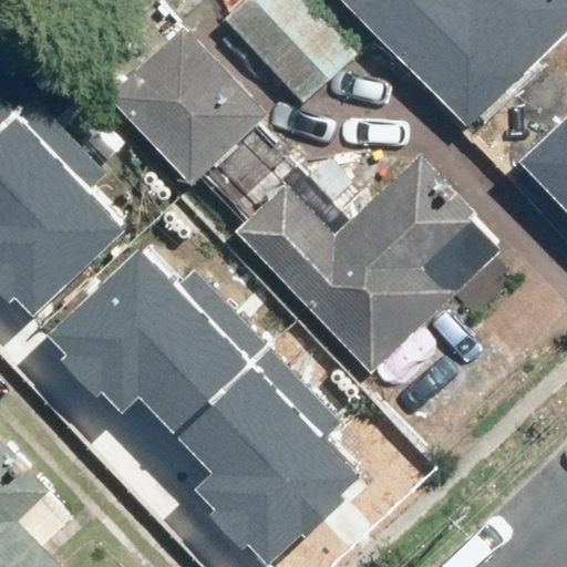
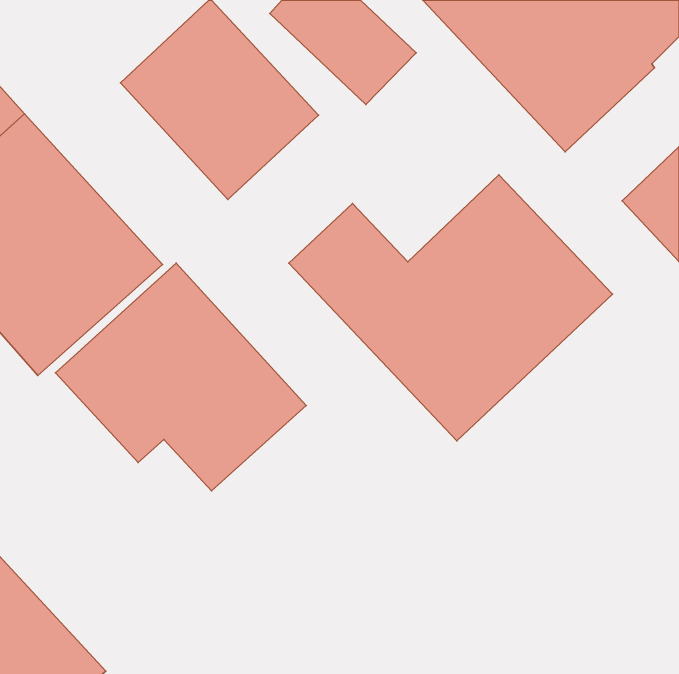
building: [173,347,363,560] -> none

